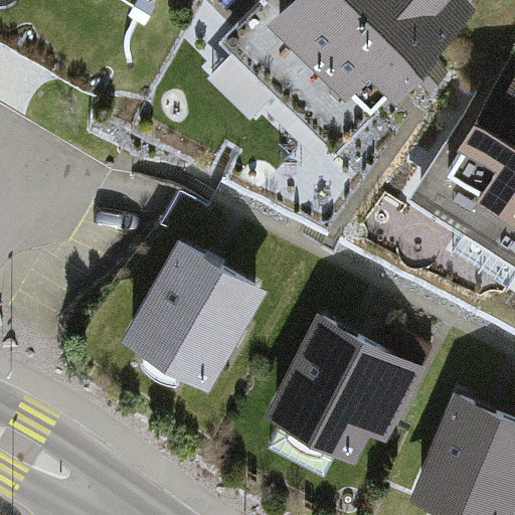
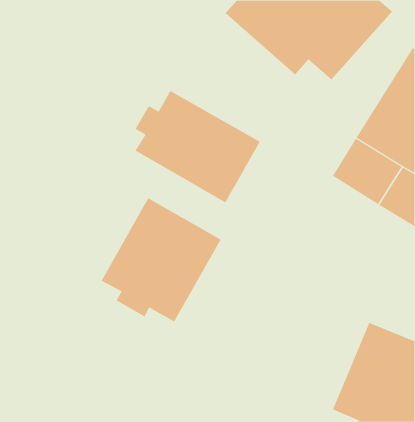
building: none -> [135,90,260,203]
building: [265,317,425,467] -> none

